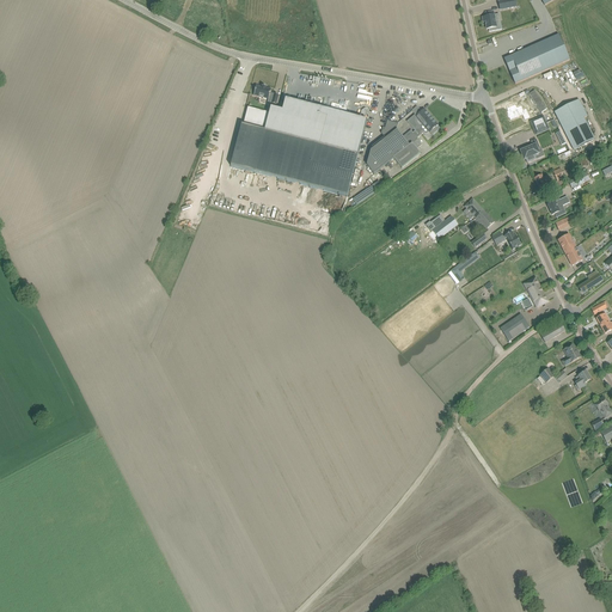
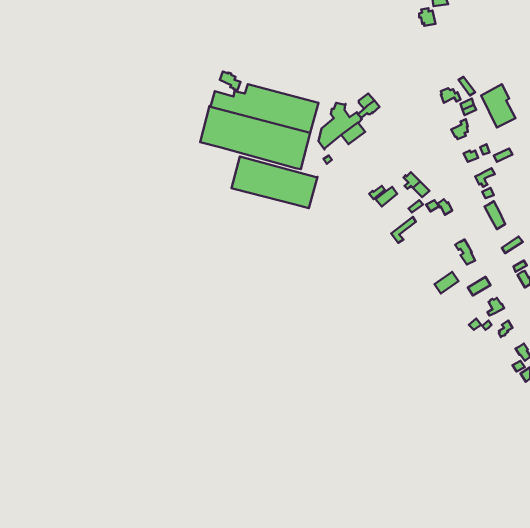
building: [504,32,570,81] -> none
building: none -> [231,157,317,208]

